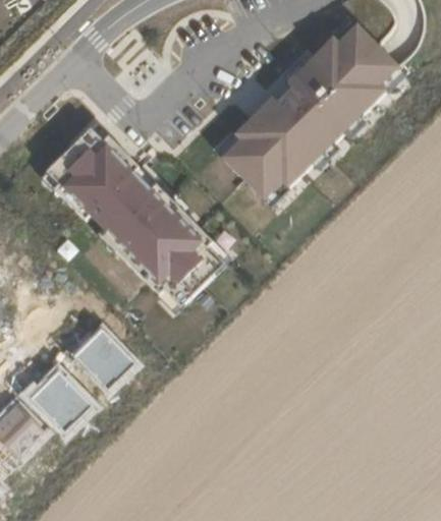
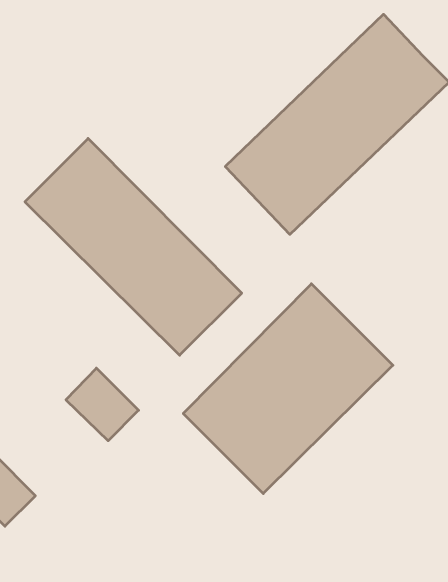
building: none -> [183,284,393,494]
building: [25,366,89,429] -> none

